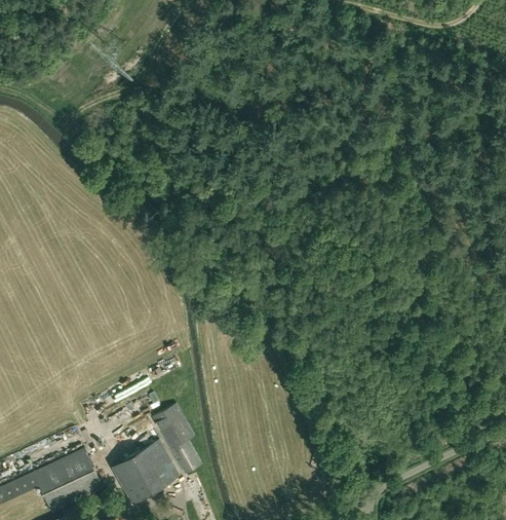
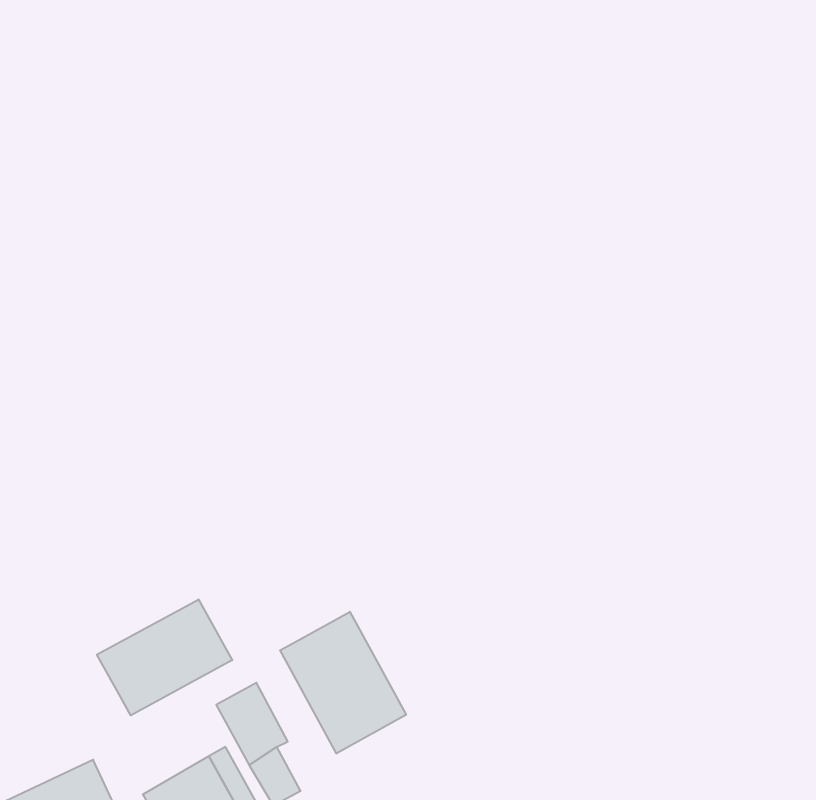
building: none -> [97,599,232,715]
building: none -> [280,612,406,754]

